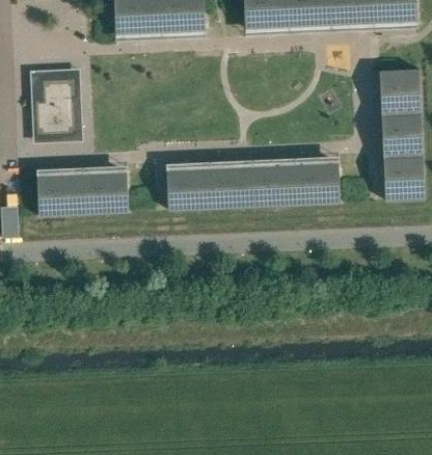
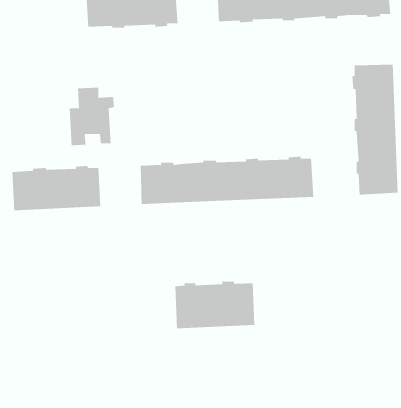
building: [33,77,79,136] -> [69,87,115,146]
building: none -> [174,281,255,329]

